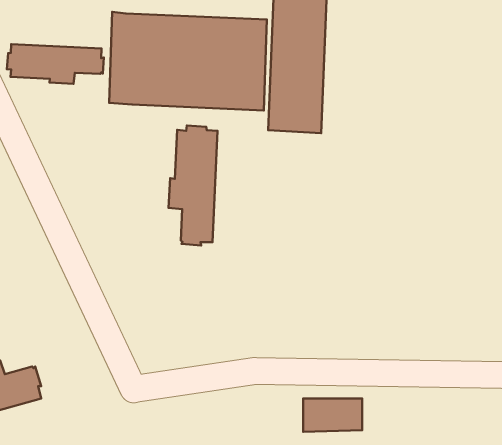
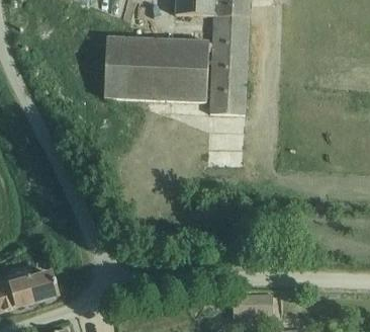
building: [7,44,104,84] -> none
building: [168,125,217,245] -> none

